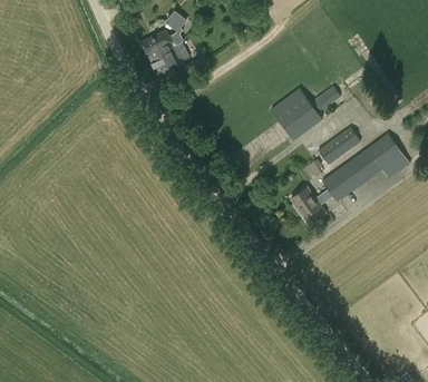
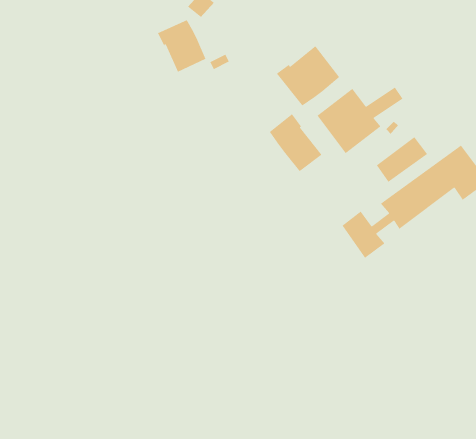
building: none -> [276,45,340,106]
building: none -> [269,113,322,172]

